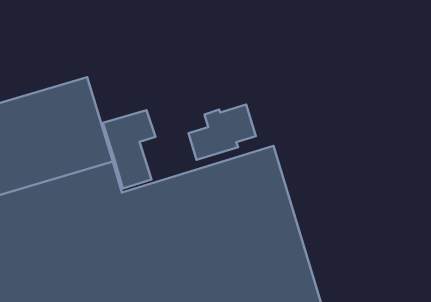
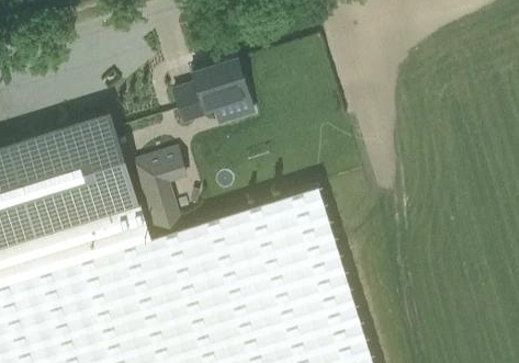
building: [188,104,256,160] -> [173,60,248,122]

